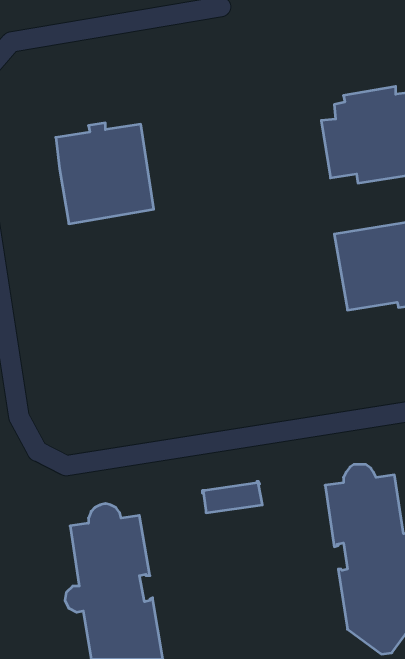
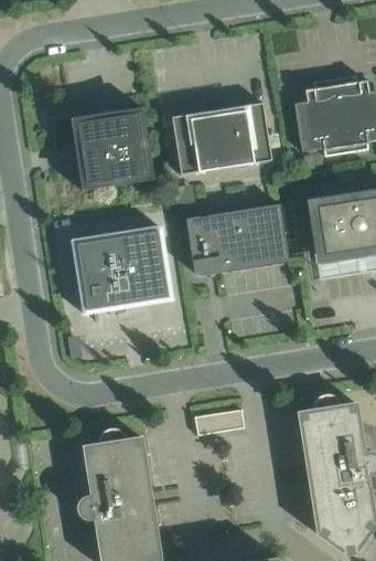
building: none -> [171,103,272,174]
building: none -> [186,203,289,276]
building: none -> [72,226,172,314]

